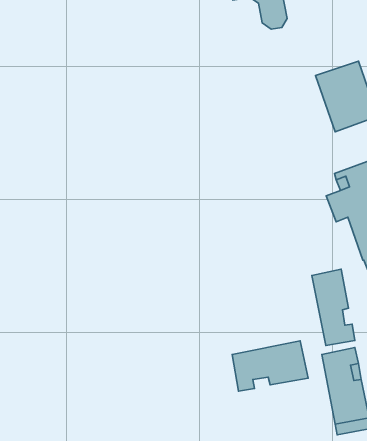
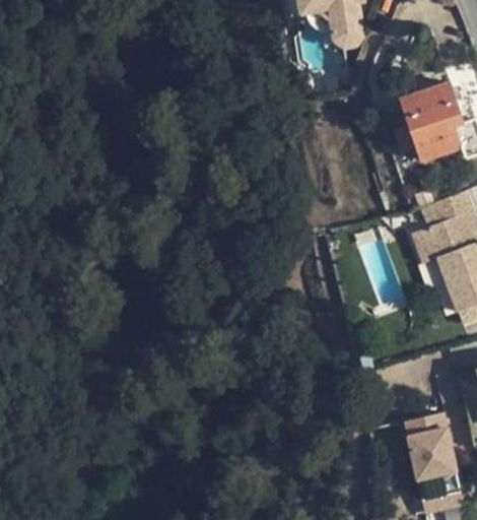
building: [312,269,355,346] -> none
building: [232,341,308,391] -> none

